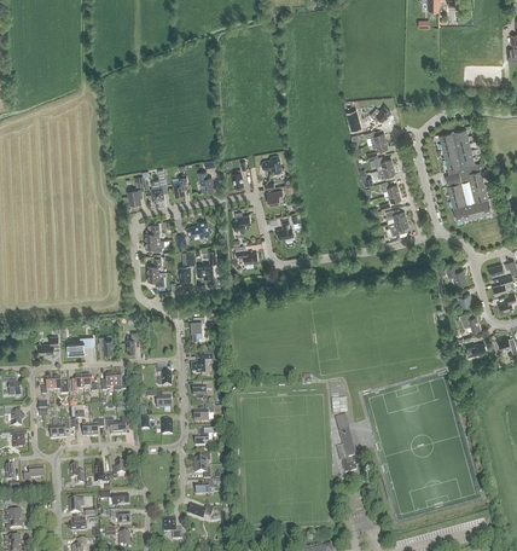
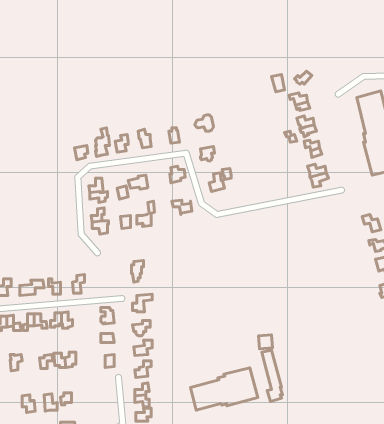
building: none -> [191,368,258,410]

